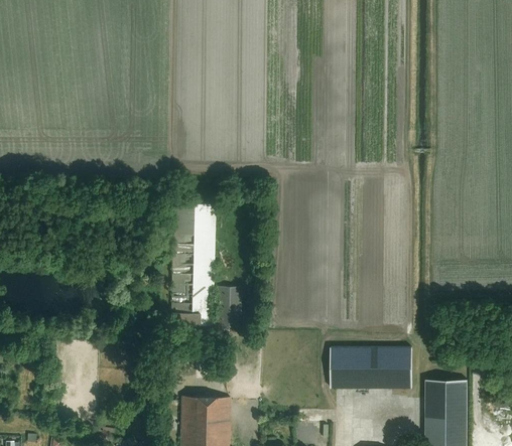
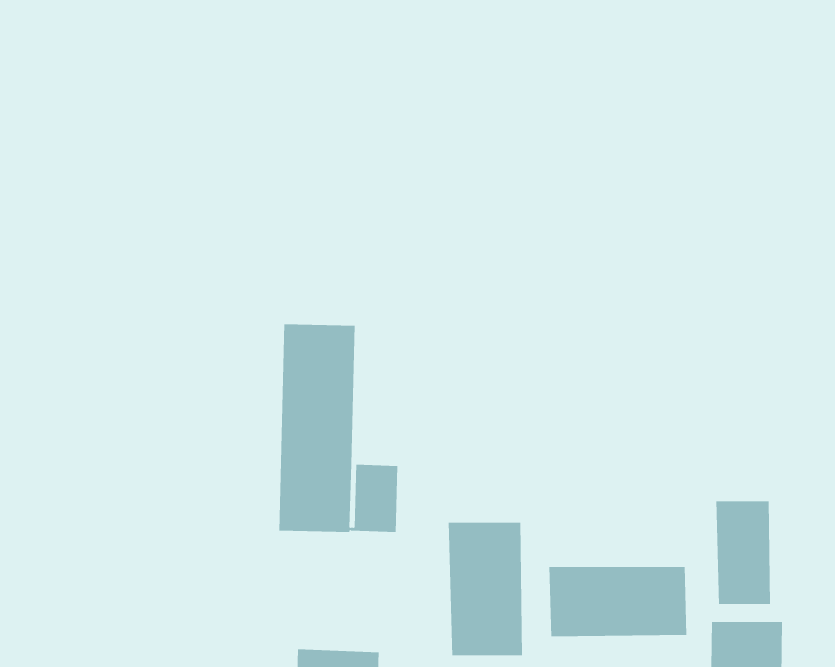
building: none -> [716,500,771,605]
building: none -> [448,522,522,656]

